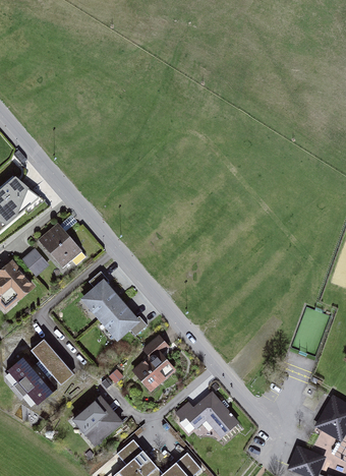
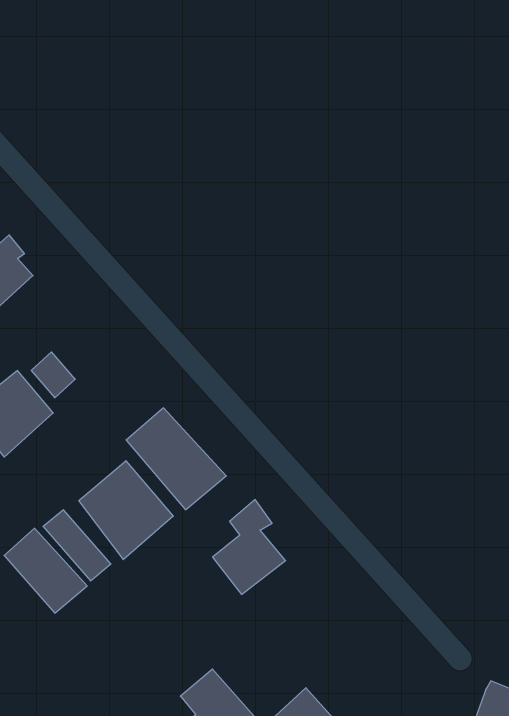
building: [38,223,90,274] -> none
building: none -> [79,461,173,560]
building: [178,392,240,437] -> none
building: [69,397,122,448] -> none

